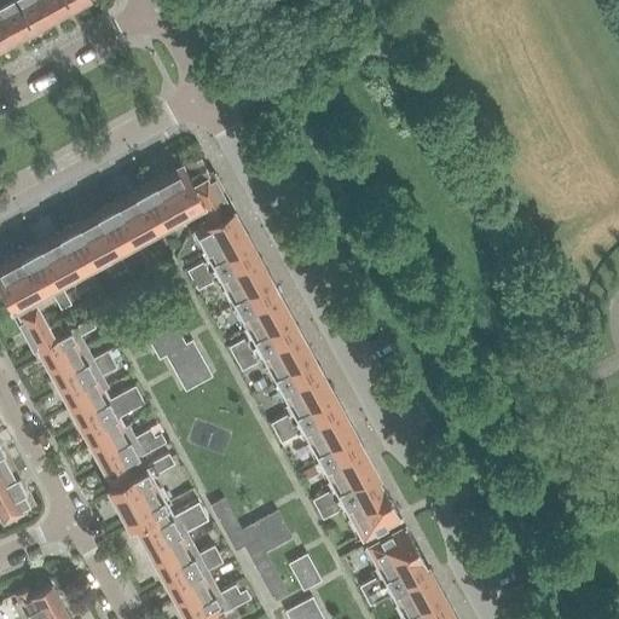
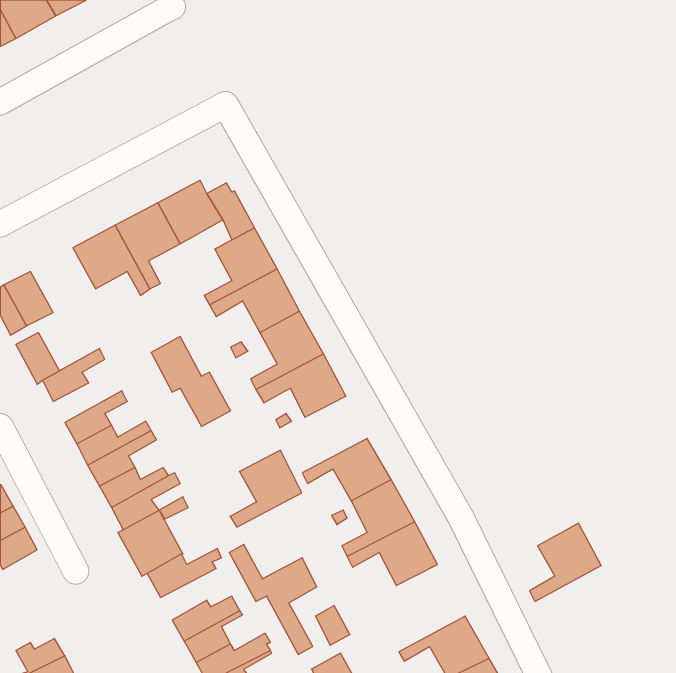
building: [29,230,88,310] -> none
building: [50,352,112,389] -> none
building: [271,365,336,435] -> [230,450,302,527]
building: [147,522,201,569] -> none
building: [360,527,426,598] -> [530,523,601,601]

